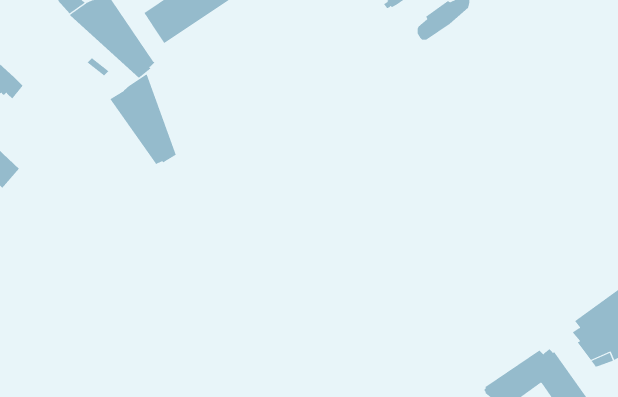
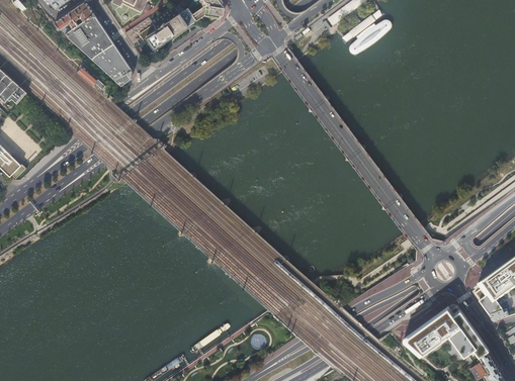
building: [109,74,177,165] -> none

